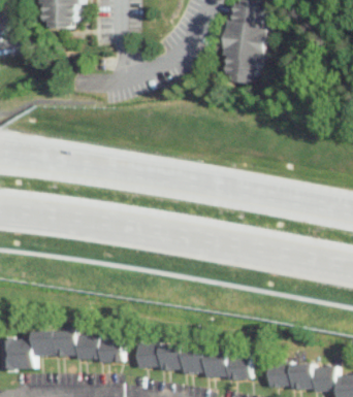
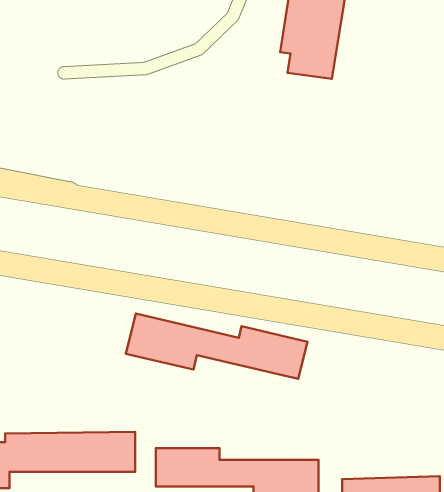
building: none -> [126,314,308,379]

